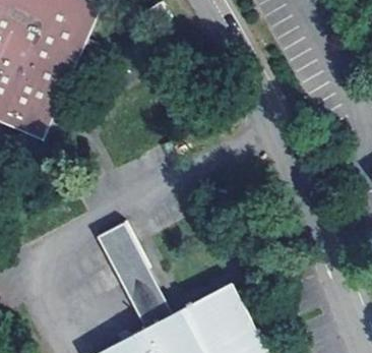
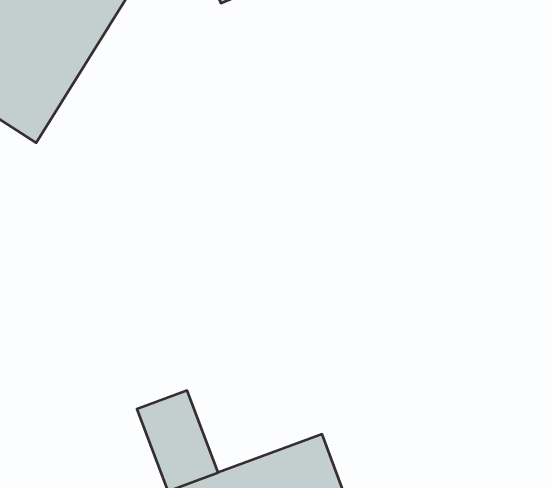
building: [98,225,150,286] -> none

